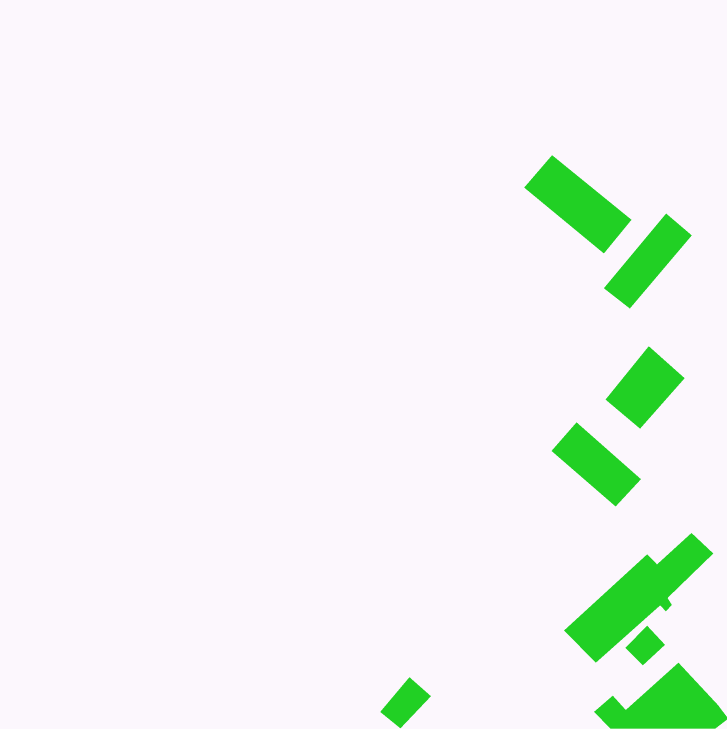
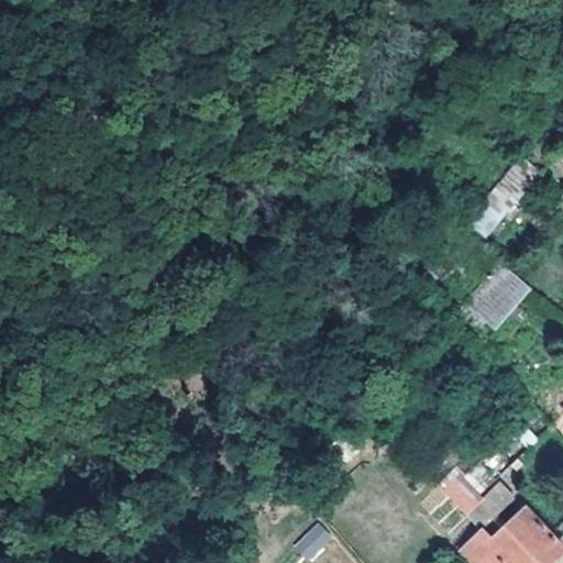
building: [523,154,632,255] -> none
building: [550,421,642,508] -> none

